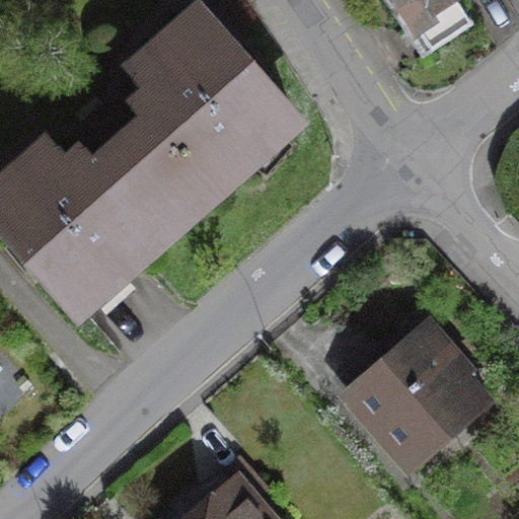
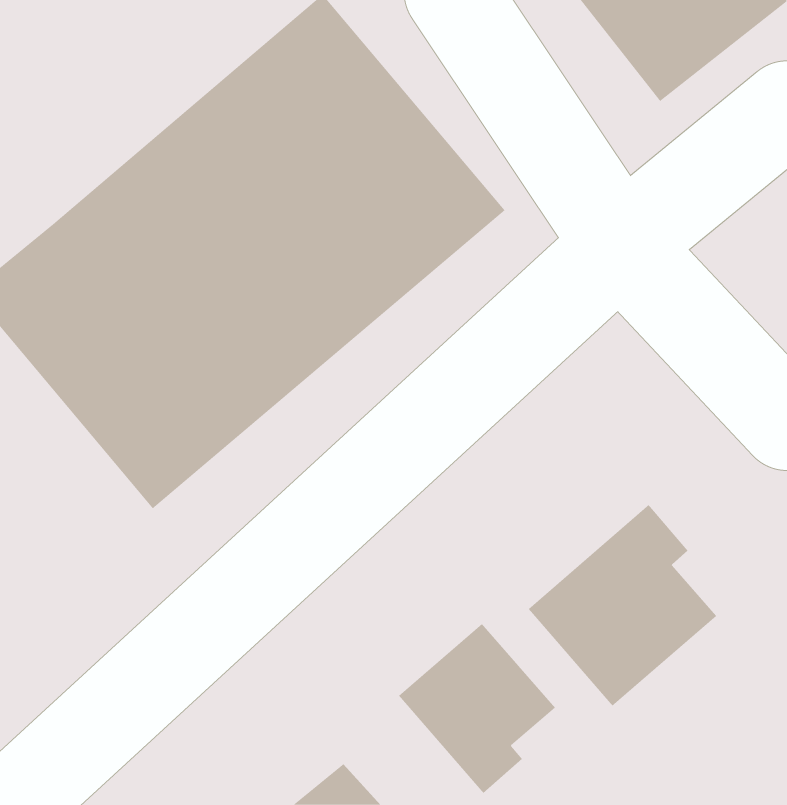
building: none -> [398,623,556,794]

